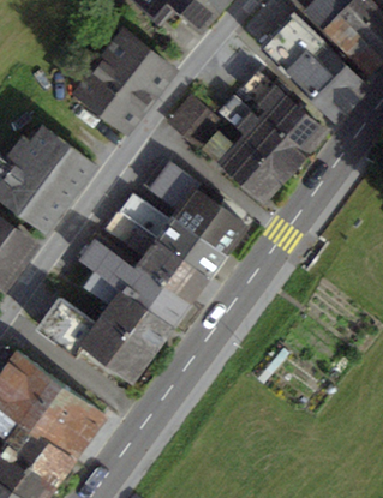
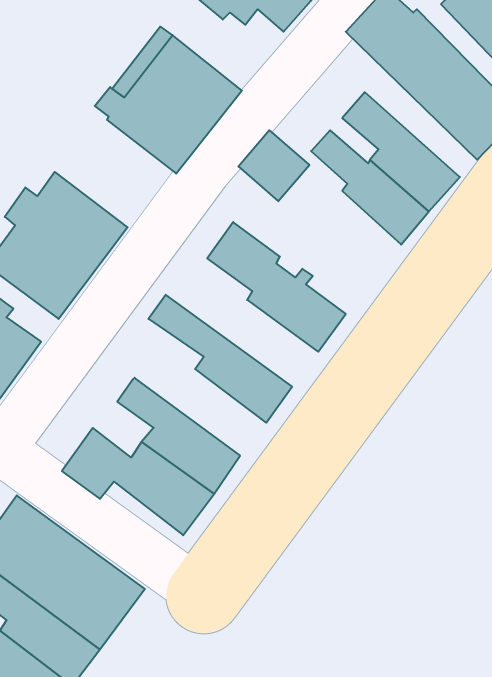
building: [207,132,283,199] -> none
building: [120,194,226,276] -> none
building: [82,234,190,324] -> none

